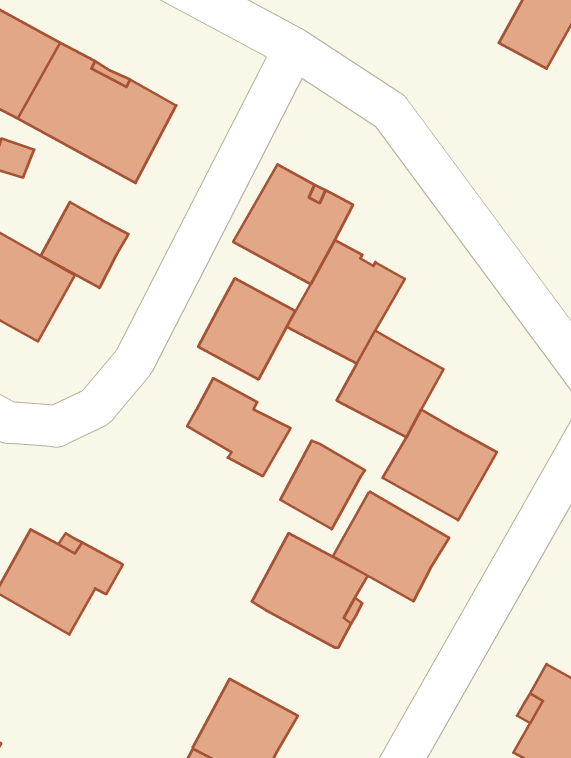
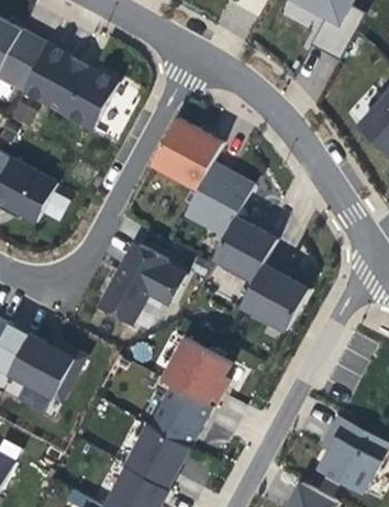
building: [41,202,128,288] -> none
building: [198,278,295,379] -> none
building: [280,441,365,529] -> [99,271,149,323]
building: [333,492,449,601] -> none
building: none -> [148,383,211,445]

